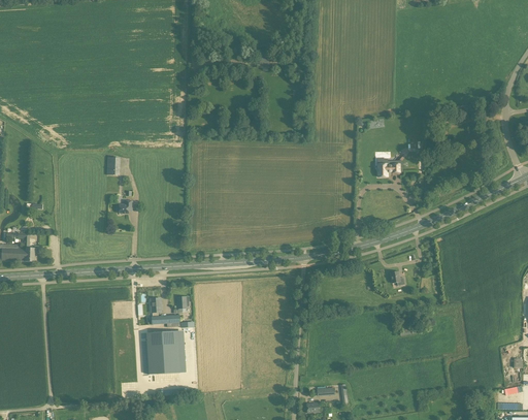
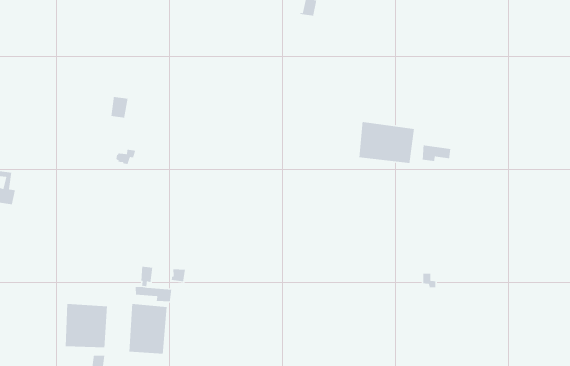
building: none -> [358,121,415,164]
building: none -> [65,303,108,348]

